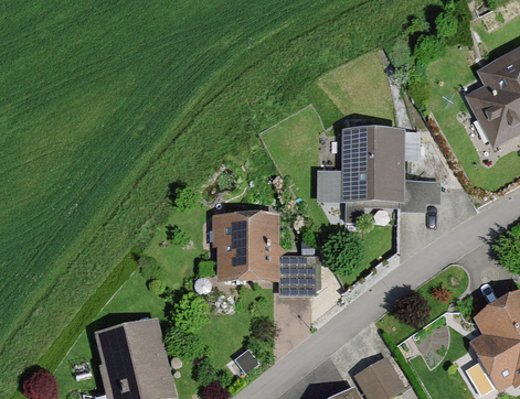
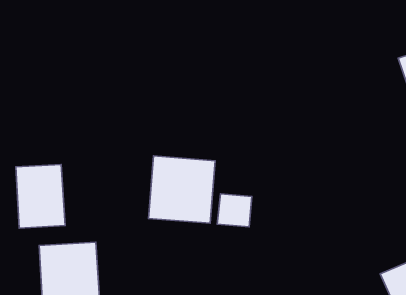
building: [330,132,412,206] -> none
building: none -> [16,164,65,228]

